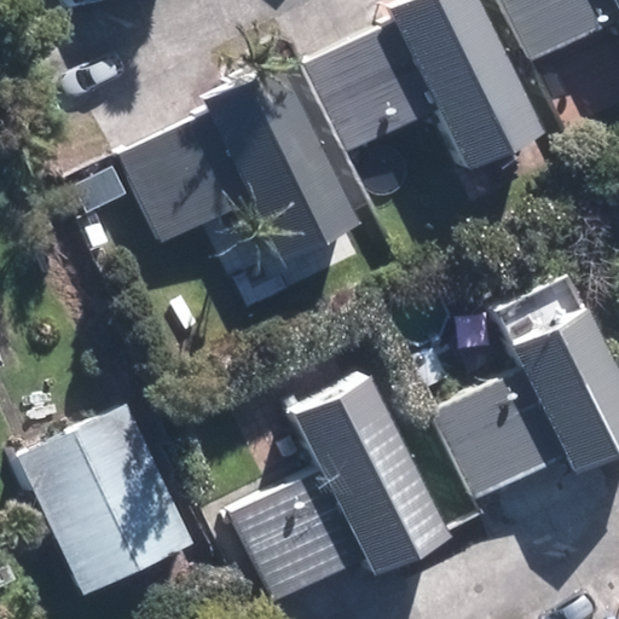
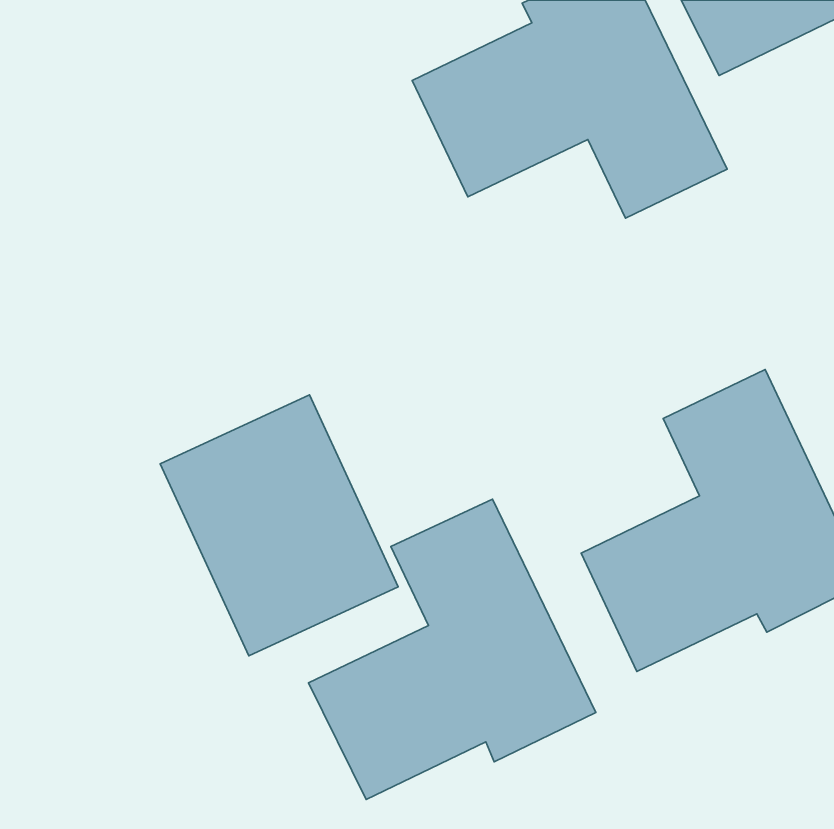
building: [122,65,355,259] -> none
building: [21,401,196,594] -> [160,395,398,656]

